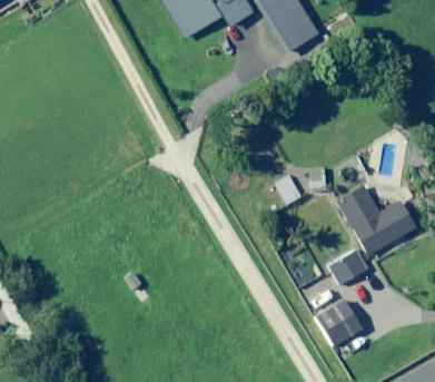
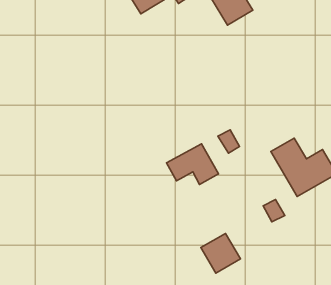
building: none -> [166,144,218,184]
building: [316,298,363,345] -> [201,234,240,273]

